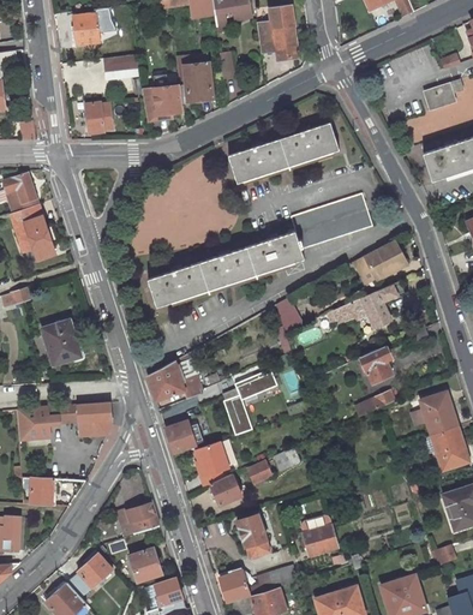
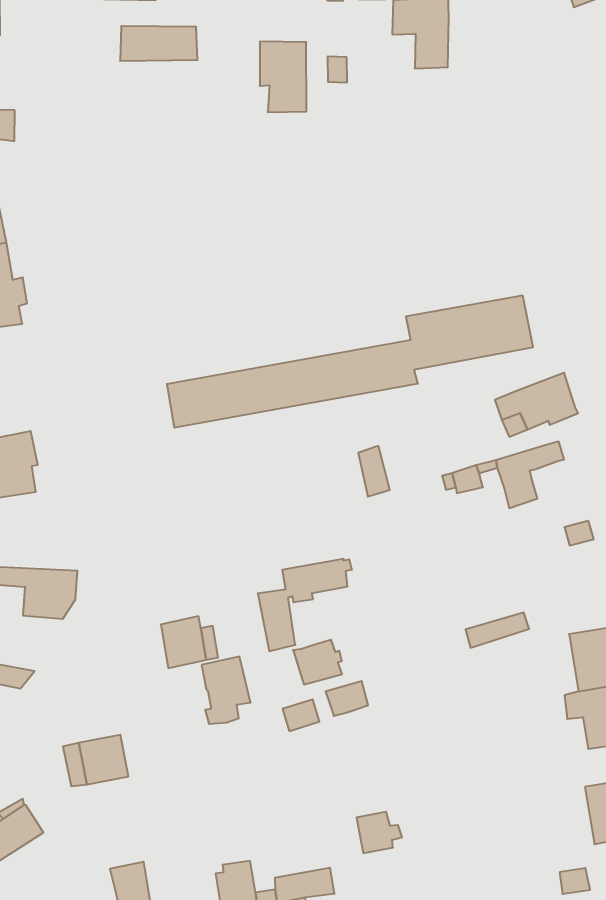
building: [143,85,185,117] -> none
building: [85,103,113,135] -> none
building: [228,121,340,183] -> none
building: [360,345,393,383] -> none
building: [148,360,203,400] -> none
building: [210,476,243,506] -> [293,640,342,684]
building: [236,515,271,559] -> none
building: [130,549,161,580] -> none

